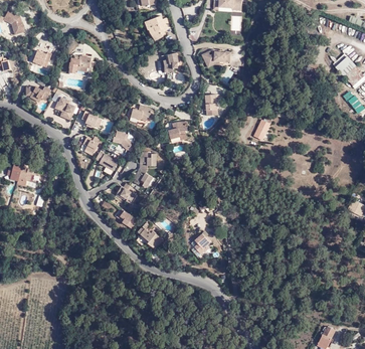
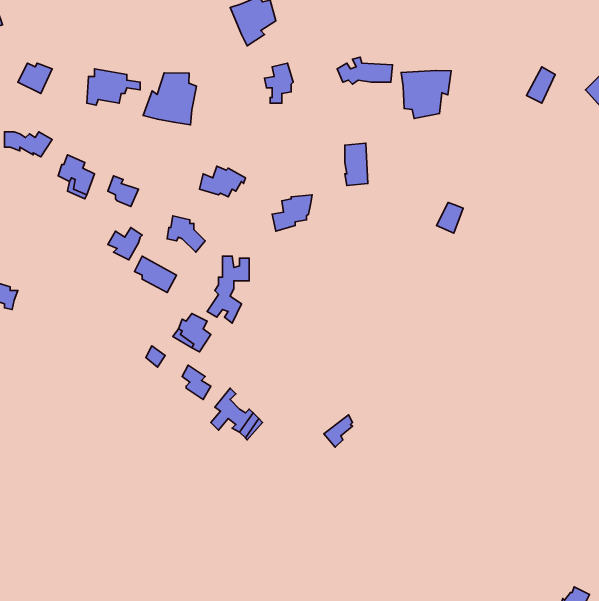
building: none -> [401,71,451,118]
building: none -> [143,73,196,125]

